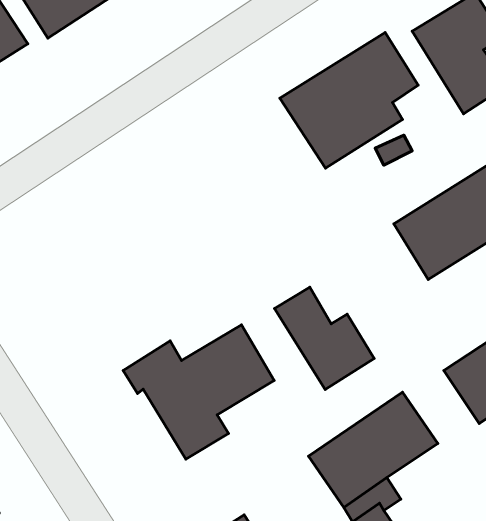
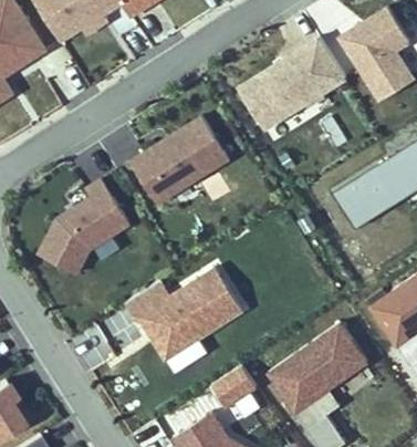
building: none -> [129,116,228,208]
building: none -> [37,178,129,272]
building: [274,287,374,390] -> none
building: none -> [209,358,258,405]

